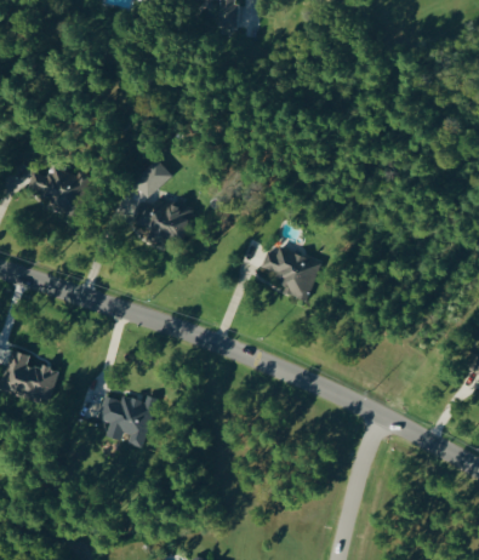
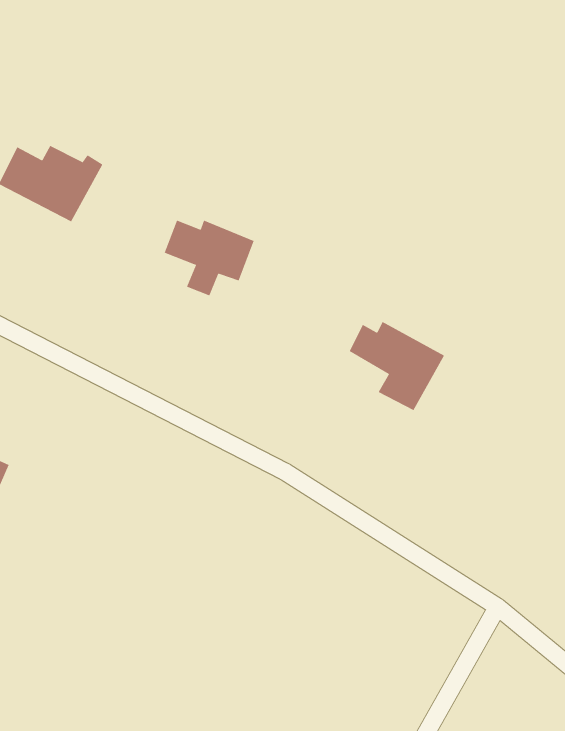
building: [133,160,172,198] -> none
building: [99,395,158,448] -> none

